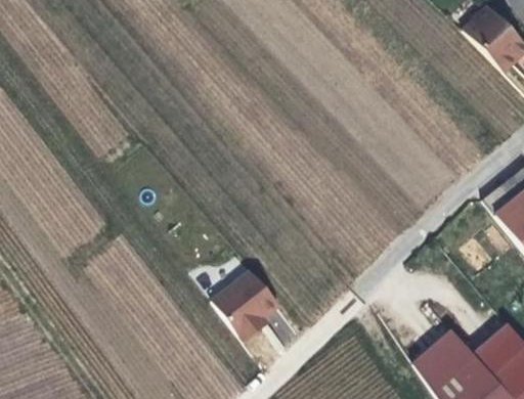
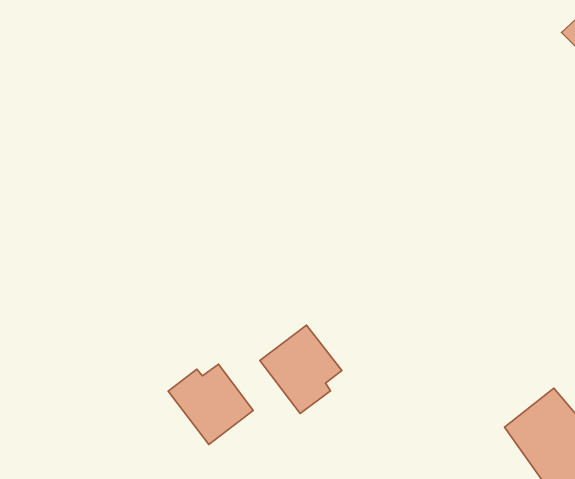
building: none -> [168,364,253,445]

